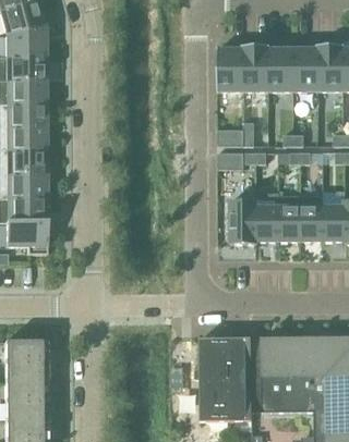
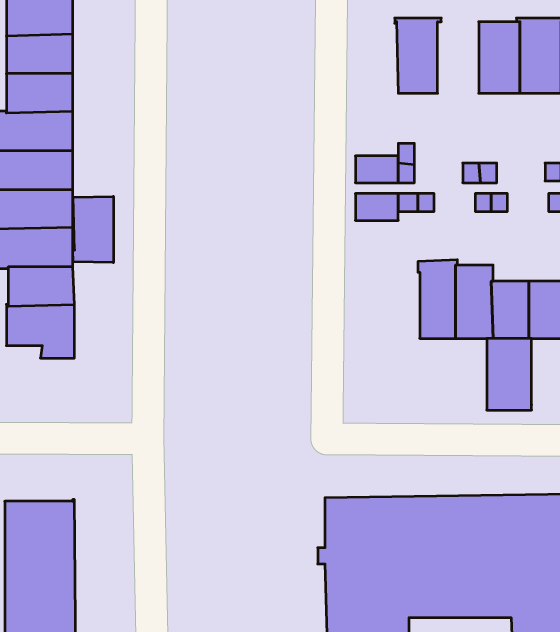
building: [217,48,244,91] -> none
building: [268,48,293,91] -> none
building: none -> [73,196,113,263]
building: [230,200,257,244] -> [487,338,532,410]

